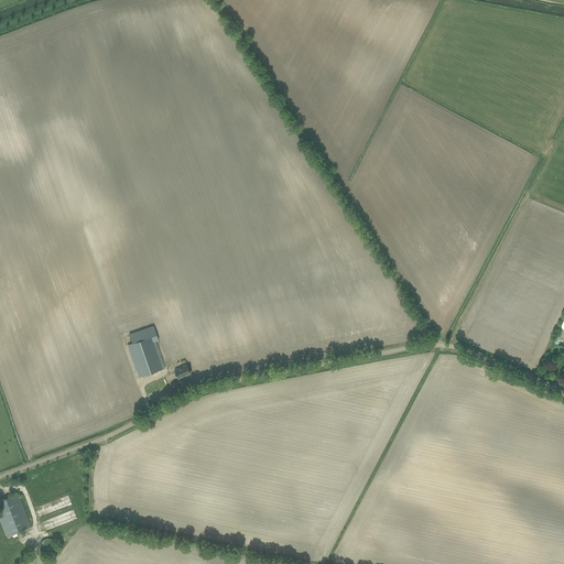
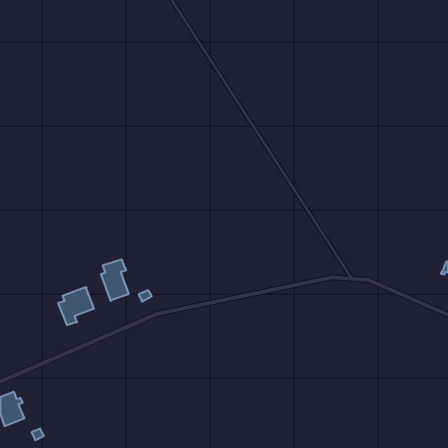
building: none -> [58,287,94,325]

